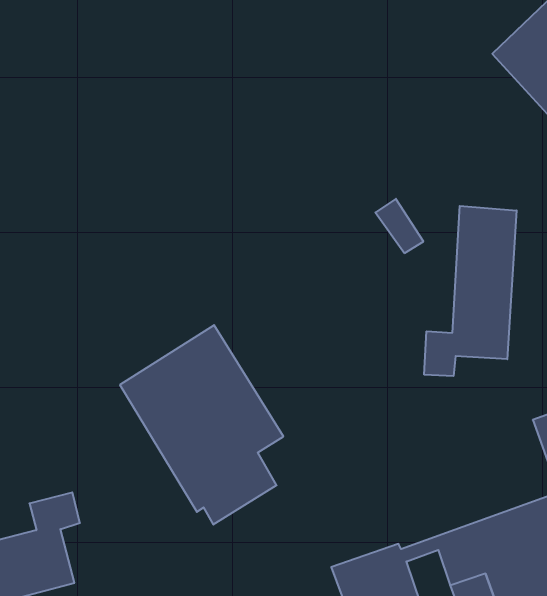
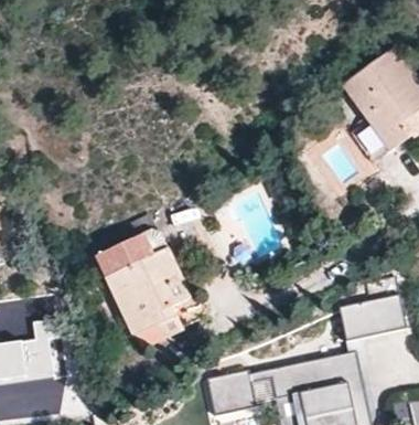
building: [424,206,517,376] -> none

